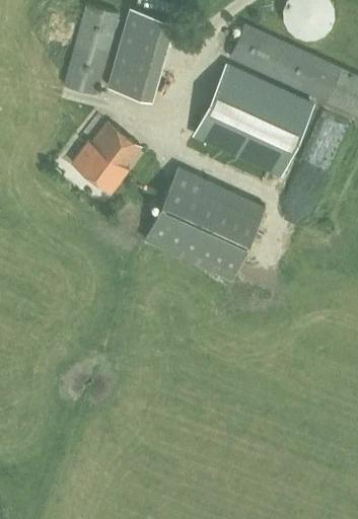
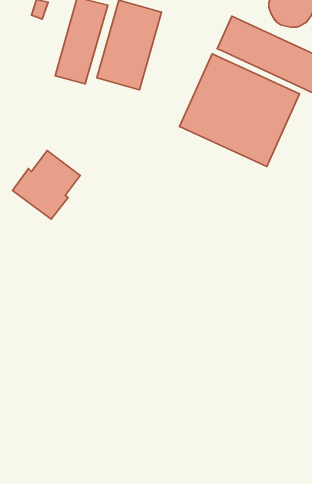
building: [72,124,141,194] -> [13,151,80,219]
building: [145,168,266,281] -> none

